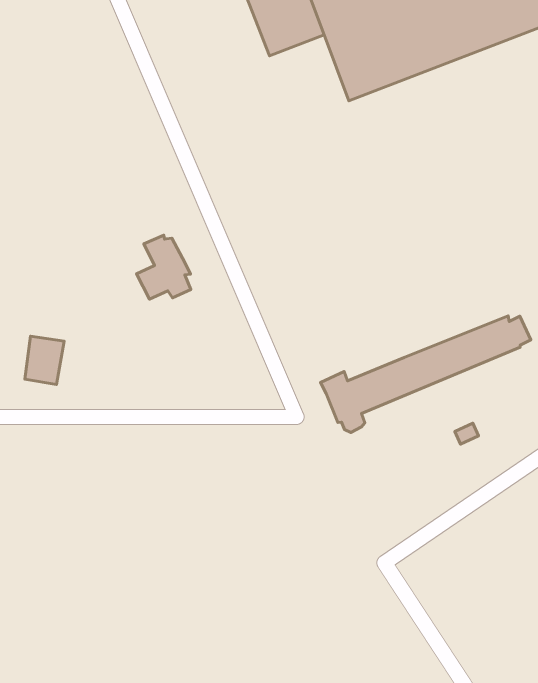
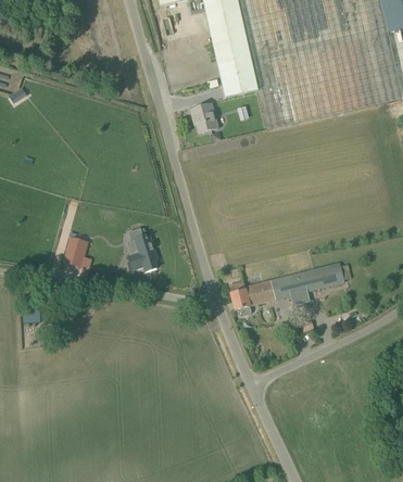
building: none -> [190,103,218,134]
building: [136,235,191,299] -> [127,236,158,271]

